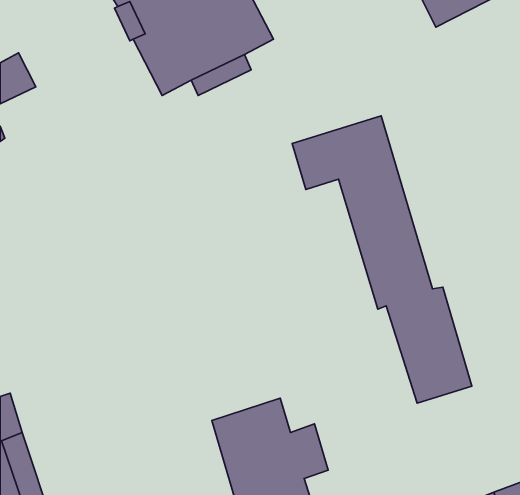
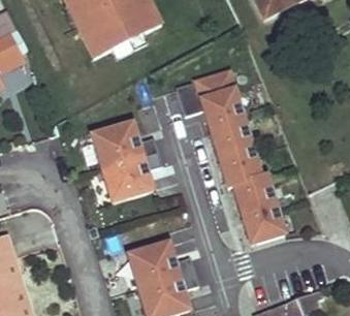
building: none -> [91,122,162,201]

